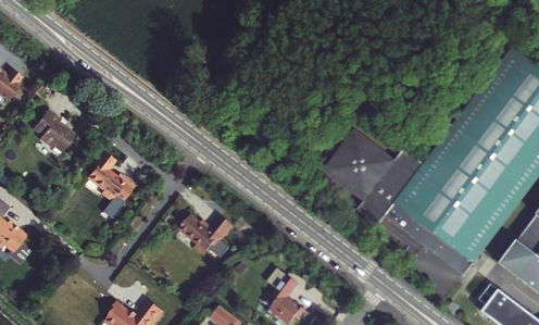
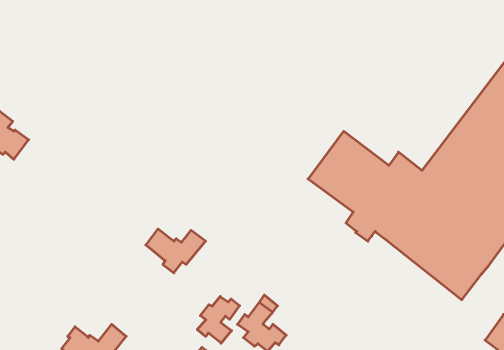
building: [87,151,135,201] -> none
building: none -> [197,296,240,343]

